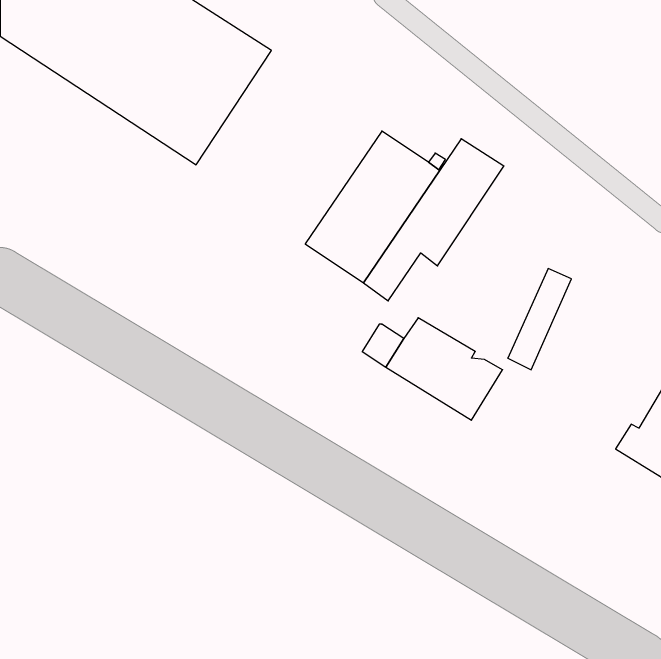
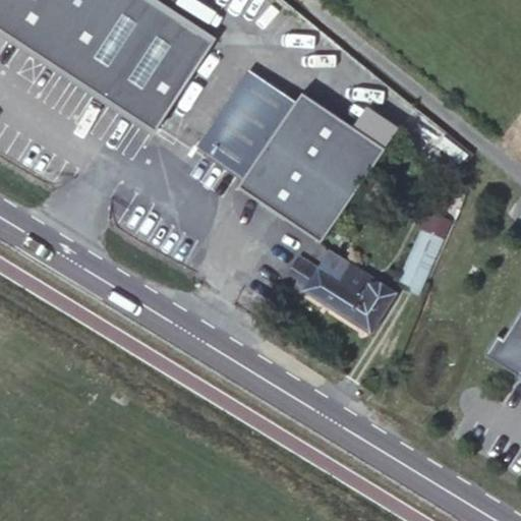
building: none -> [198,68,297,176]

